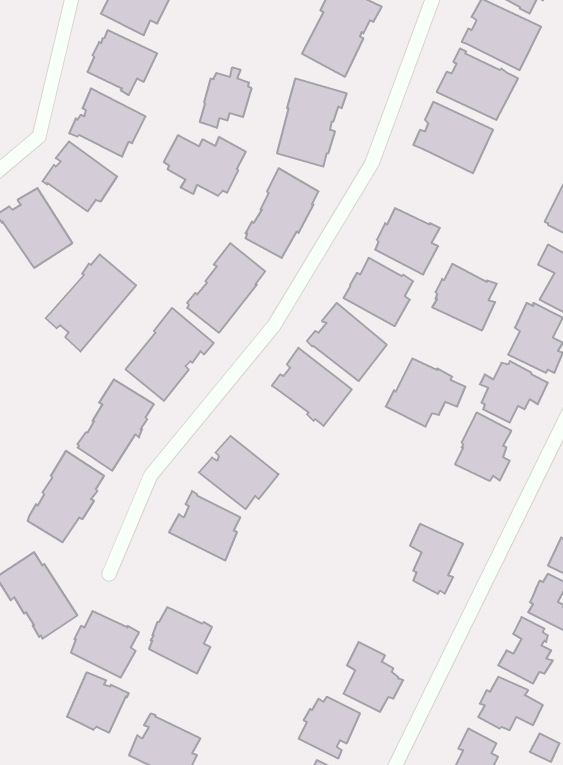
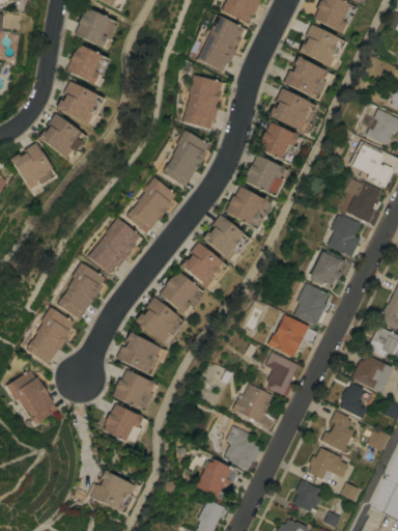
building: [200,67,251,128] -> none
building: [164,135,246,196] -> none
building: [46,254,136,352] -> none
building: [432,264,497,330] -> [257,121,297,163]
building: [386,358,465,427] -> [267,314,317,357]
building: none -> [159,271,204,313]
building: none -> [233,383,278,430]
building: [71,611,139,678] -> [112,369,154,411]
building: [67,672,129,733] -> none

